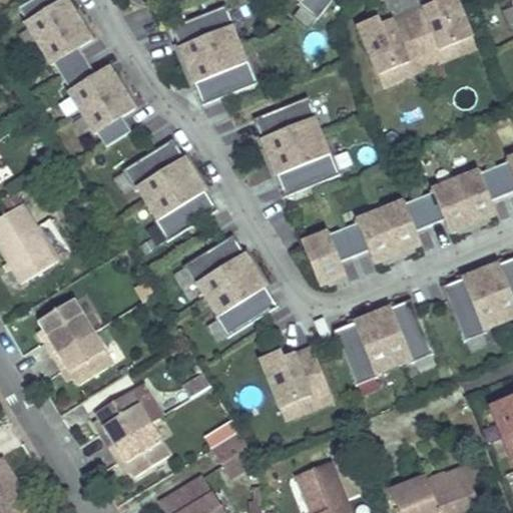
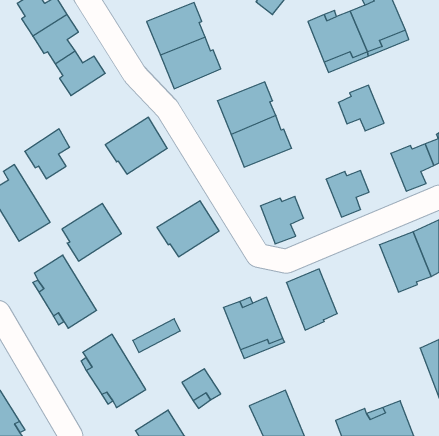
building: [82,85,134,143] -> [25,129,70,179]
building: [147,172,216,239] -> [62,203,121,261]
building: [419,178,472,231] -> [338,85,384,131]
building: [343,208,397,262] -> none
building: [207,269,277,336] -> none
building: [371,298,432,365] -> none

